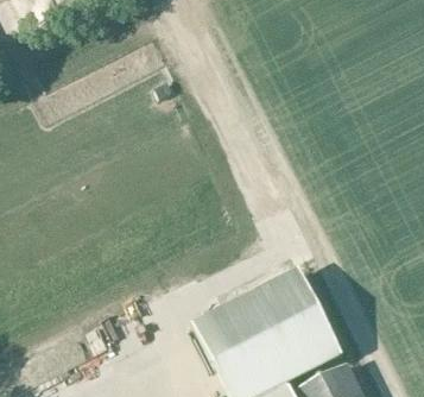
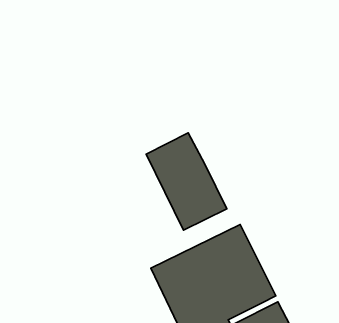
building: none -> [146,133,227,230]

